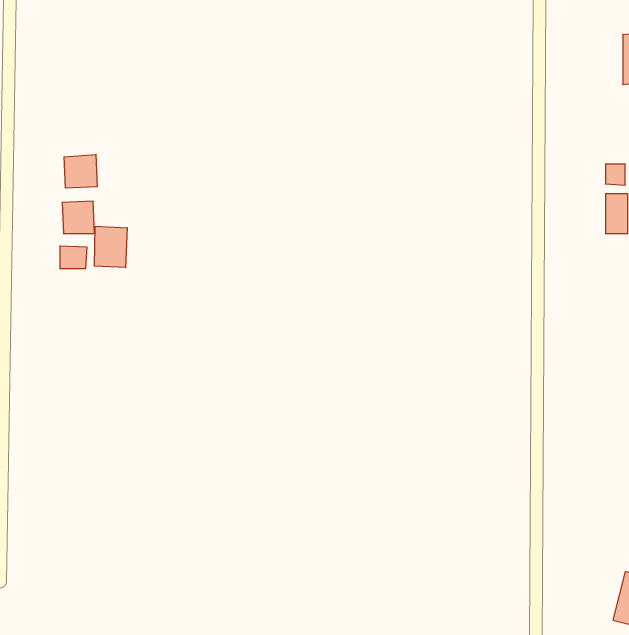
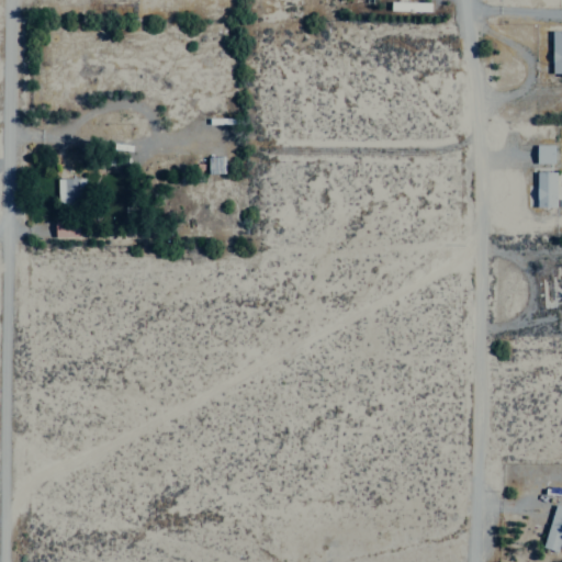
building: [64,154,97,188] -> none
building: [95,226,127,268] -> none

